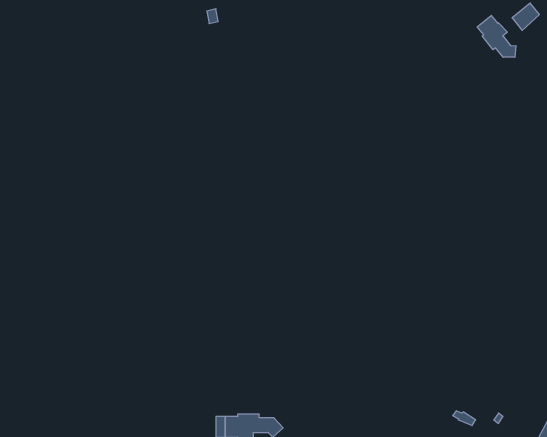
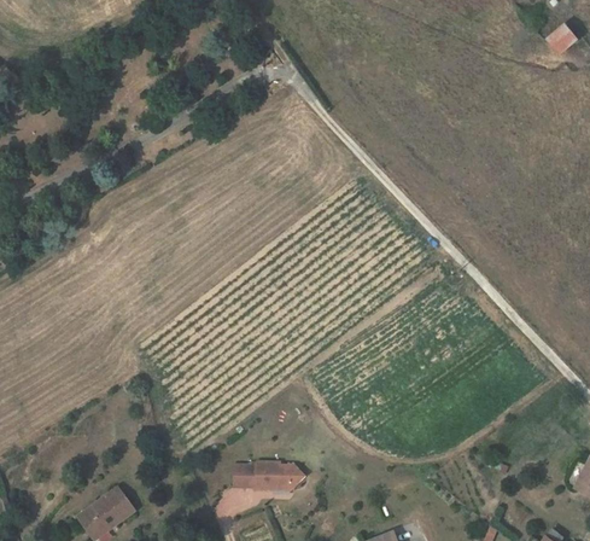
building: [477,15,516,57] -> none

